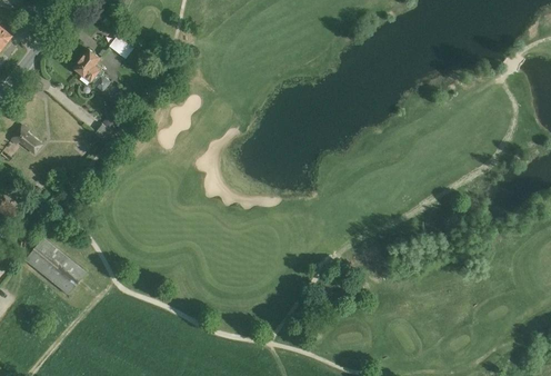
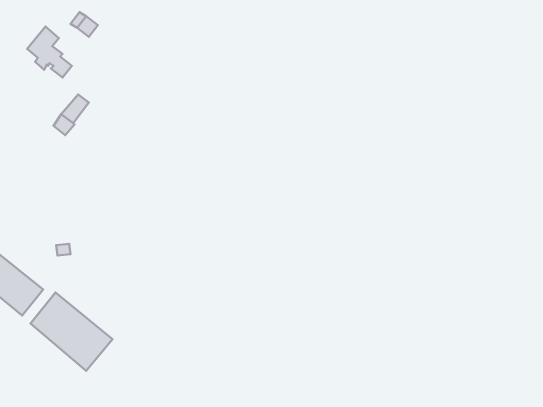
building: none -> [31,293,113,371]

